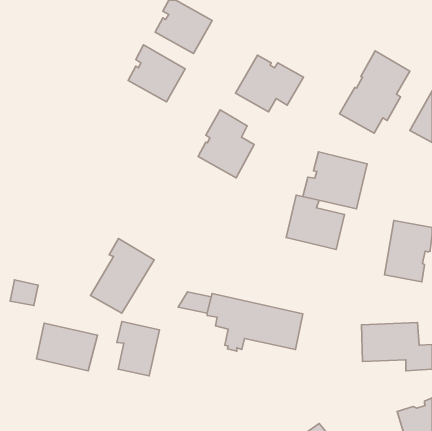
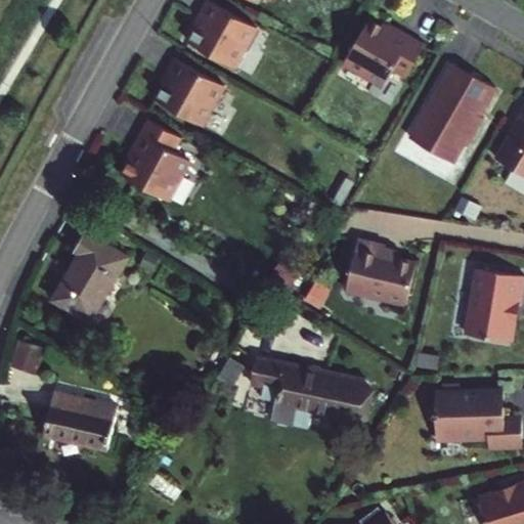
building: [236,55,303,112] -> [343,19,425,88]
building: [198,110,254,178] -> [119,118,186,200]
building: [303,152,367,209] -> none
building: [91,239,154,313] -> [51,231,128,321]
building: [117,321,159,376] -> none

